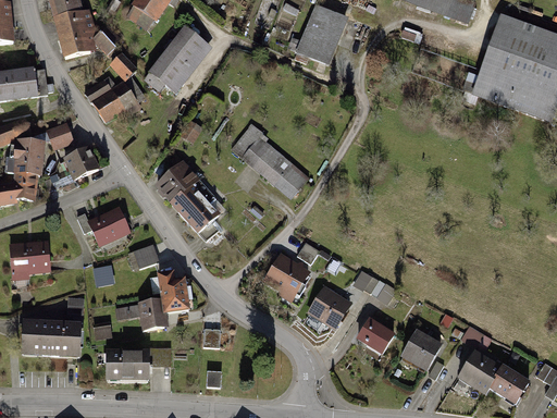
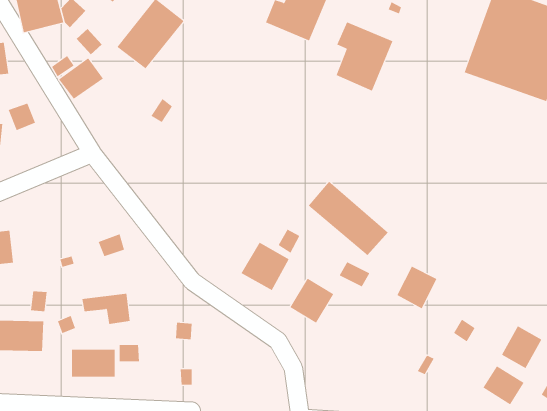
building: none -> [336,22,393,91]
building: [234,126,309,196] -> [308,181,389,256]
building: [63,147,99,180] -> none
building: [156,160,214,228] -> none
building: [90,208,131,244] -> none
building: [158,272,194,315] -> none
building: [357,319,392,353] -> none
building: [403,330,441,370] -> [396,266,437,309]
building: [461,352,499,392] -> [501,326,542,369]

